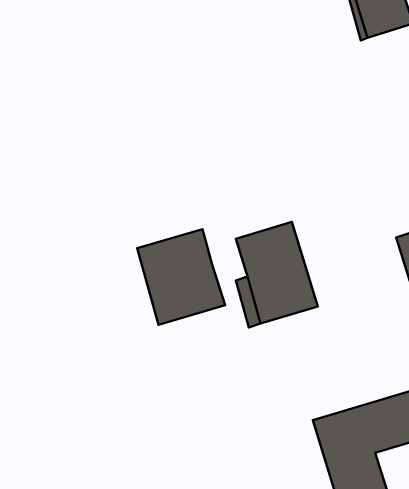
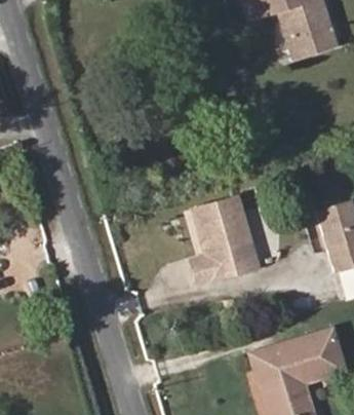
building: [137,229,225,325] -> none

